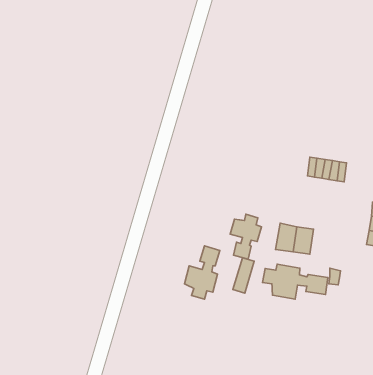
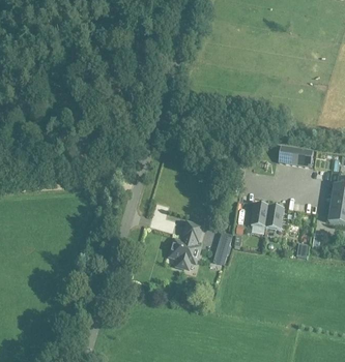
building: [230,214,261,259] -> none
building: [263,264,328,299] -> none

